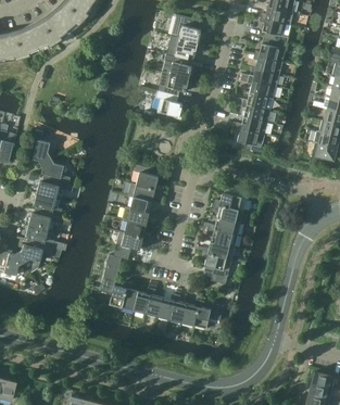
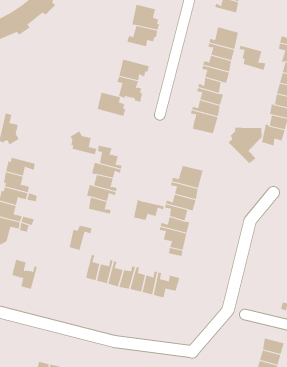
building: [260,16,289,43] -> [239,45,266,70]
building: [162,53,193,79] -> [97,92,126,116]
building: none -> [228,127,262,164]
building: [40,157,71,183] -> [69,131,98,155]
building: [115,230,149,253] -> [133,199,164,220]
building: [100,274,128,306] -> [11,259,38,290]

